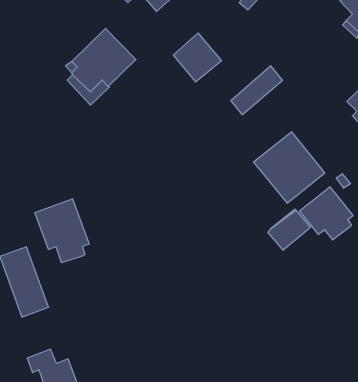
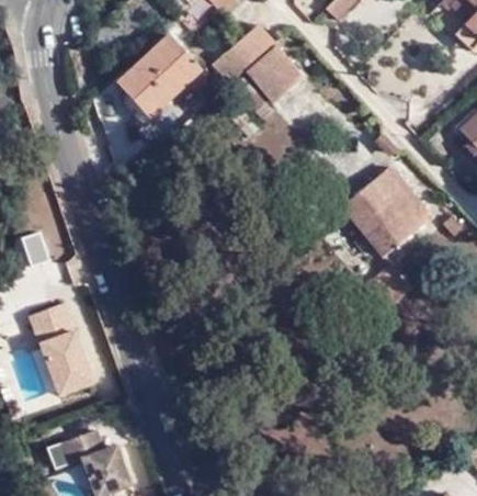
building: [231,66,282,115] -> [213,21,276,81]
building: [300,187,353,240] -> none
building: [35,199,89,263] -> none

